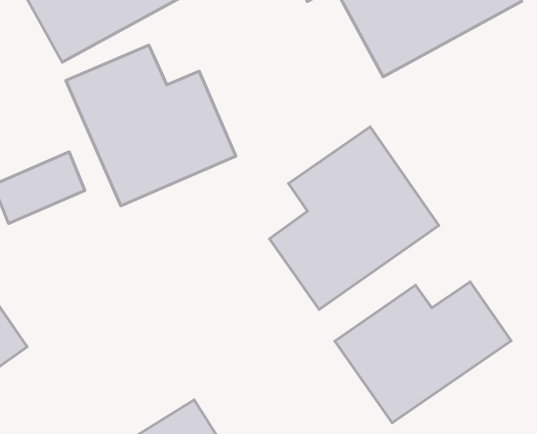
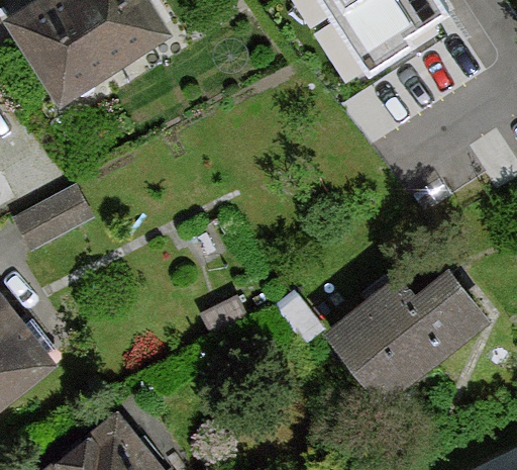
building: [66,45,236,206] -> none
building: [270,127,439,310] -> none

